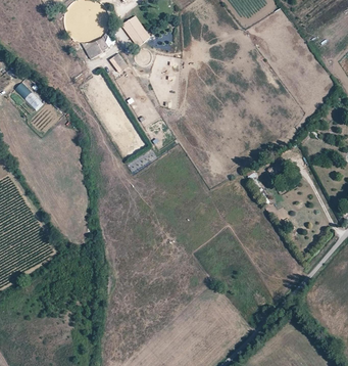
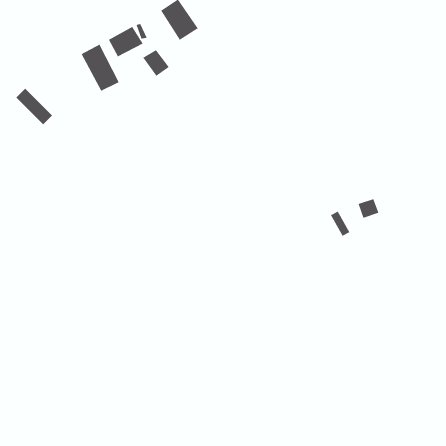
building: none -> [80,44,120,92]

